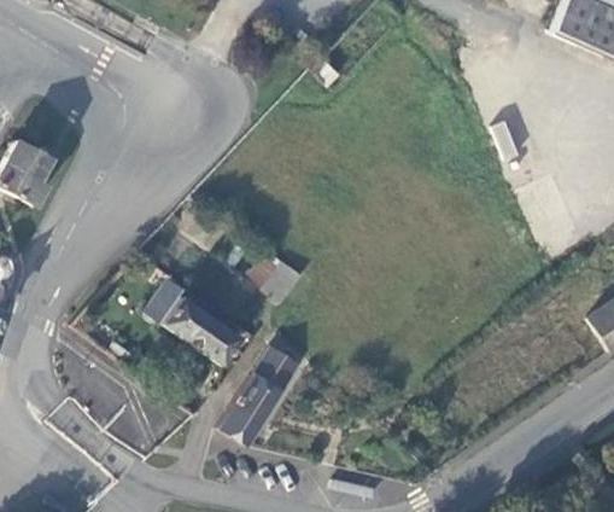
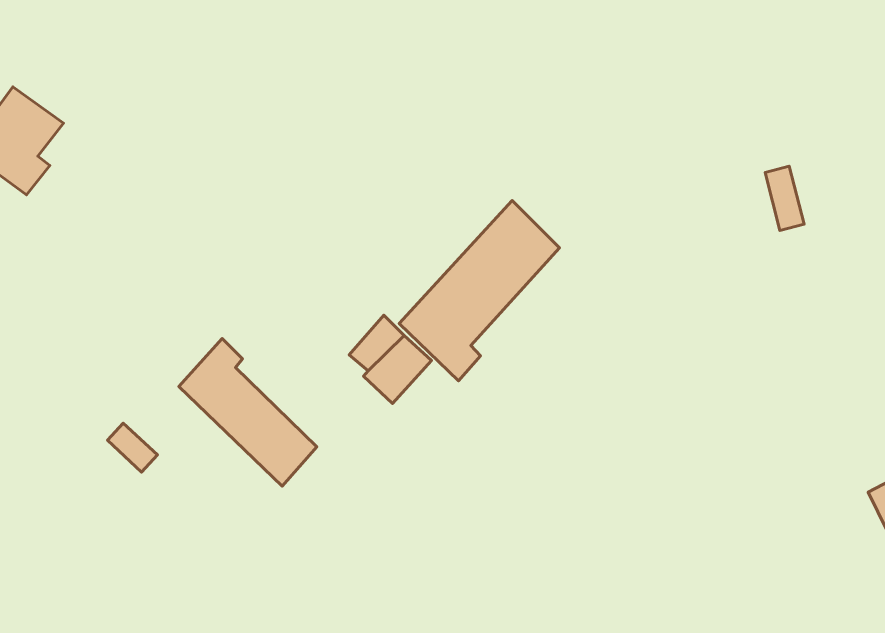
building: none -> [399,200,559,381]
building: [220,345,300,446] -> none

